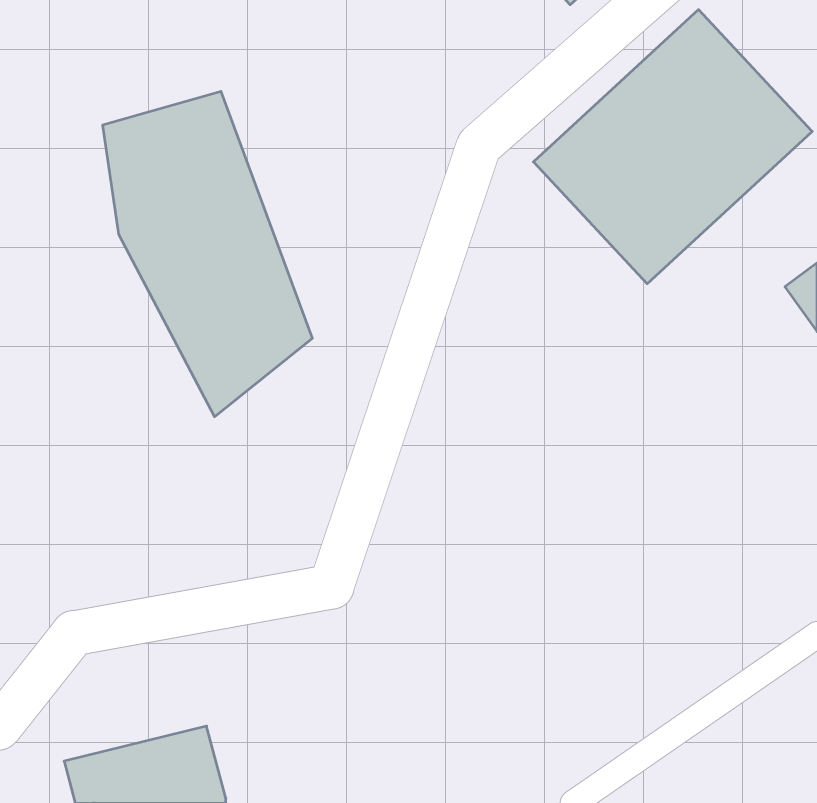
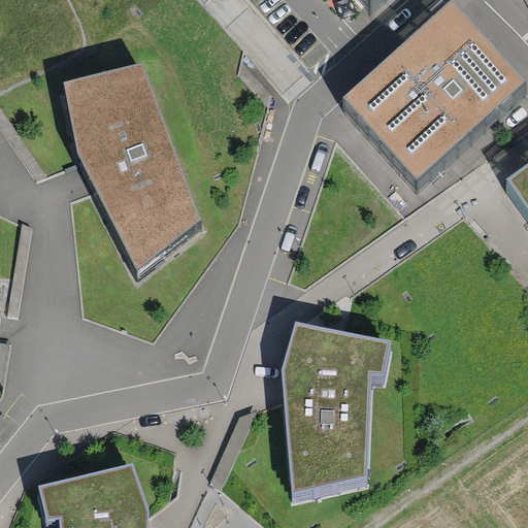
building: none -> [280,323,390,494]

